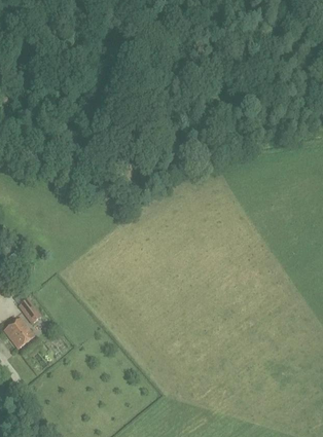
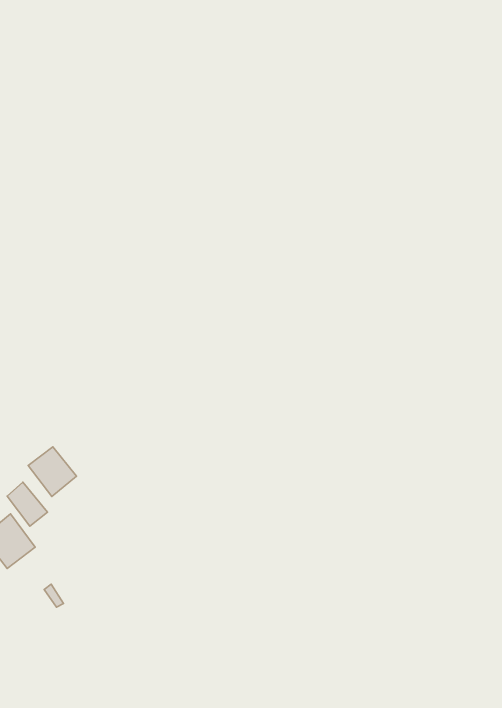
building: none -> [28,447,76,496]

